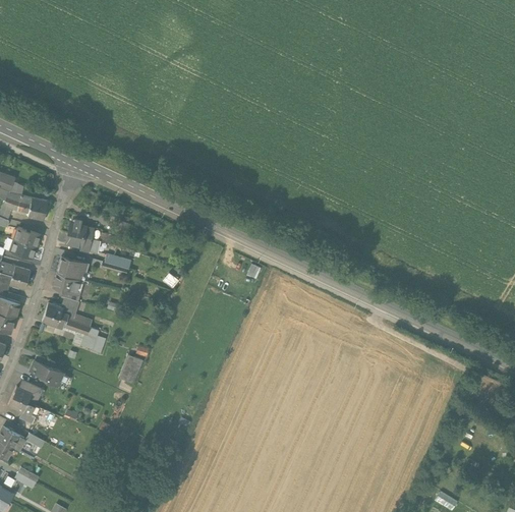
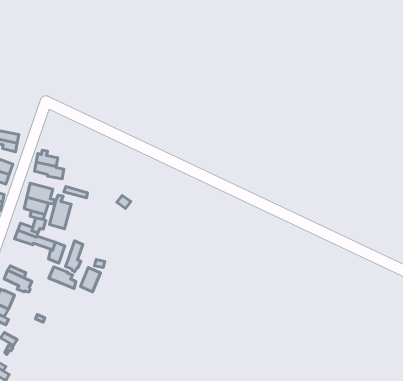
building: none -> [50,195,71,229]
building: none -> [65,241,83,272]
building: none -> [49,267,76,288]

